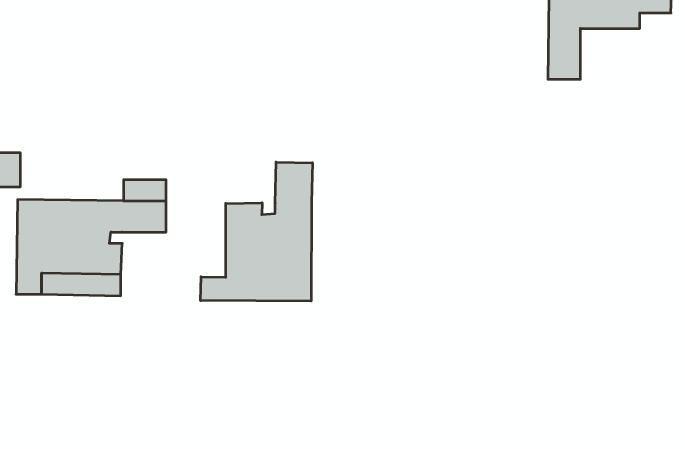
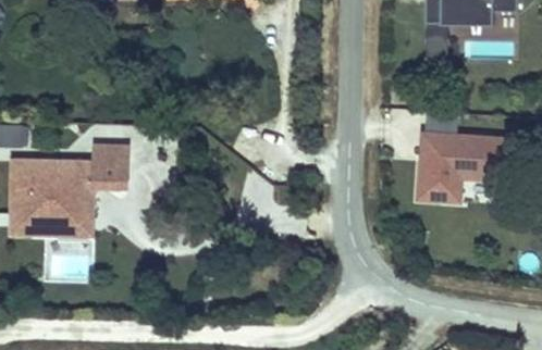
building: [201,162,312,301] -> none
building: none -> [419,133,510,201]

